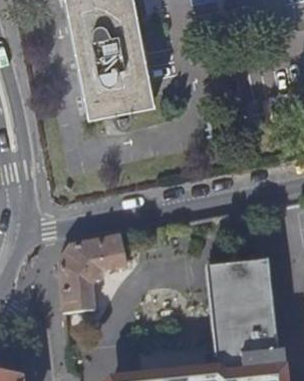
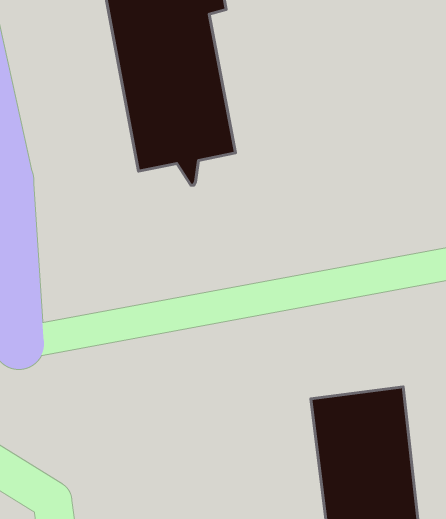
building: [57,236,132,316] -> none

